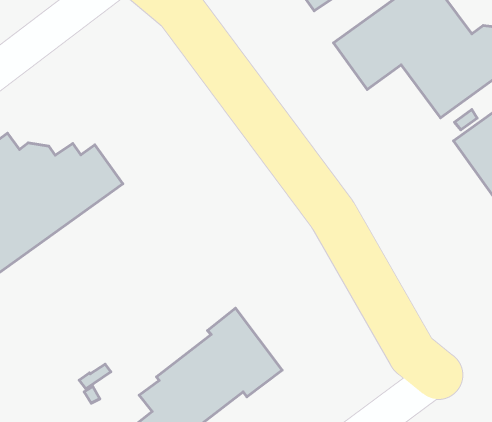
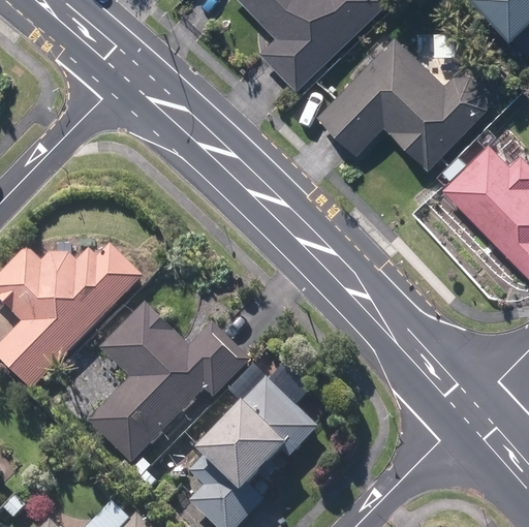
building: none -> [87,304,249,463]

